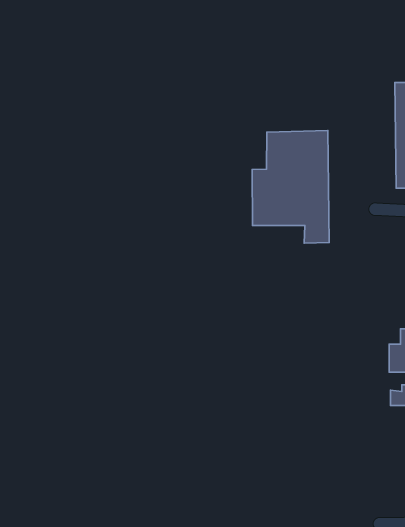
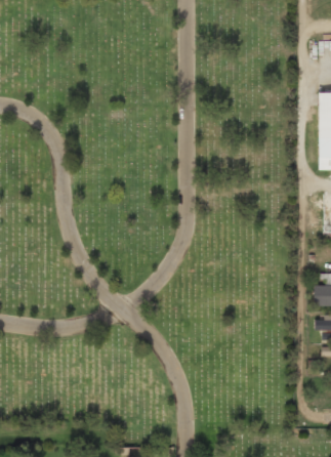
building: [252,130,329,243] -> none

